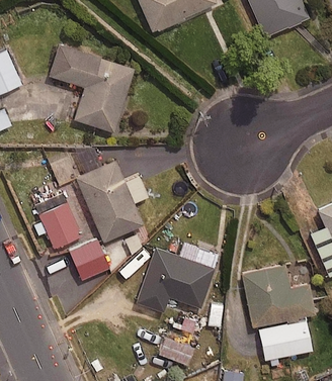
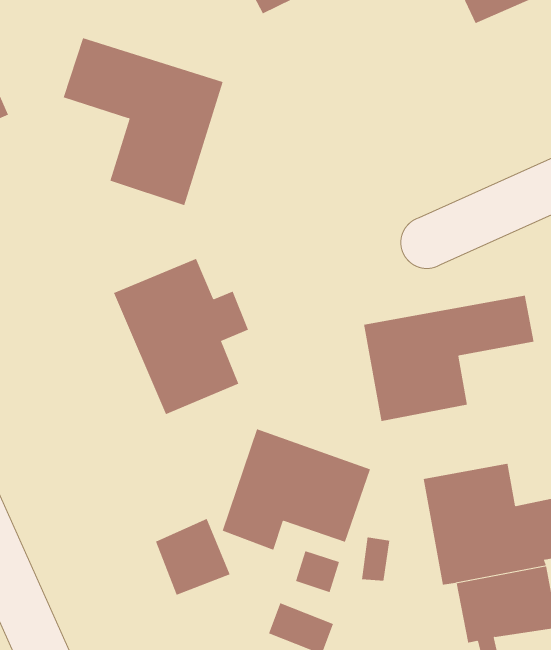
building: none -> [364,295,534,422]
building: [40,202,83,249] -> none
building: [72,239,111,279] -> [155,518,230,596]

